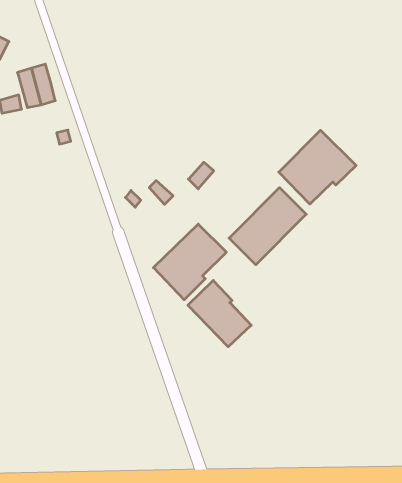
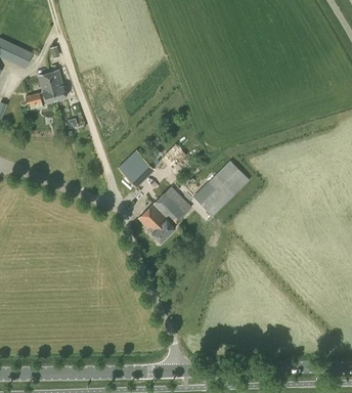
building: [279,130,356,204] -> none
building: [188,280,251,347] -> none

